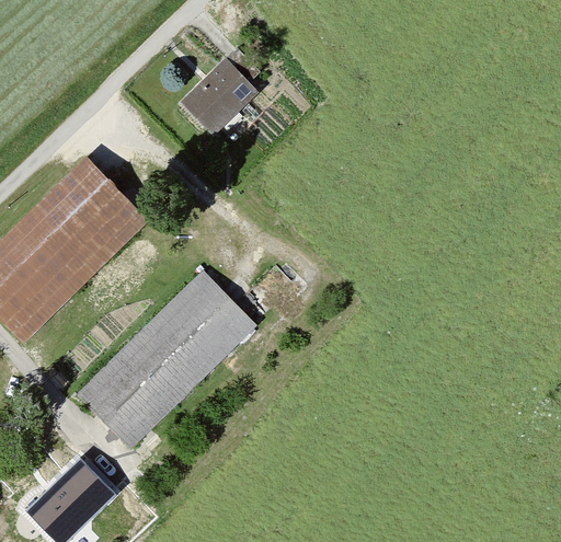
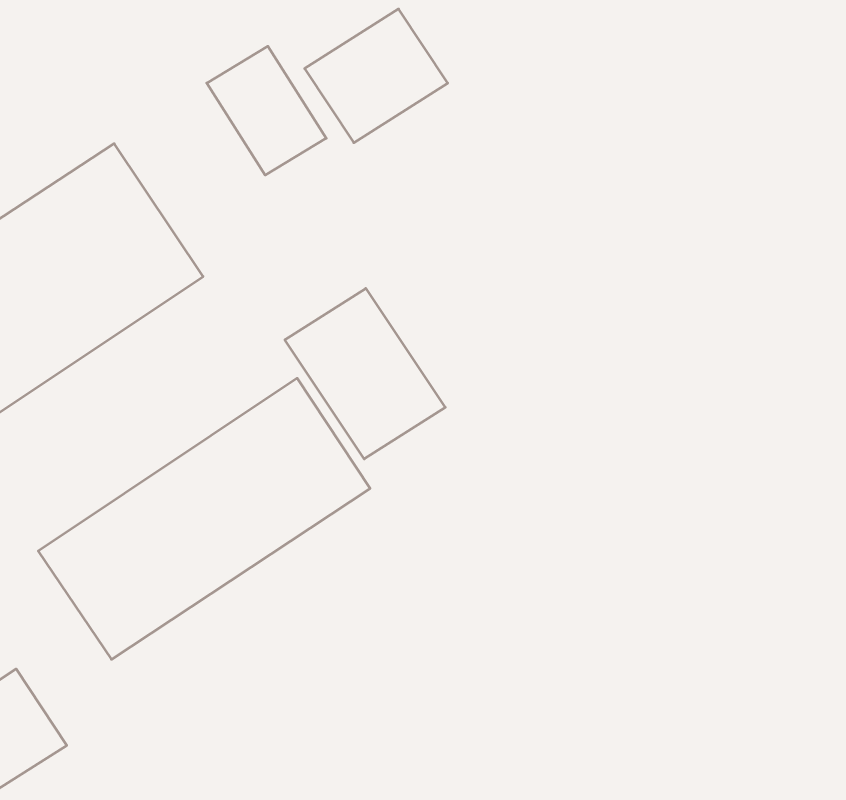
building: none -> [207,46,326,175]
building: none -> [285,288,445,459]

